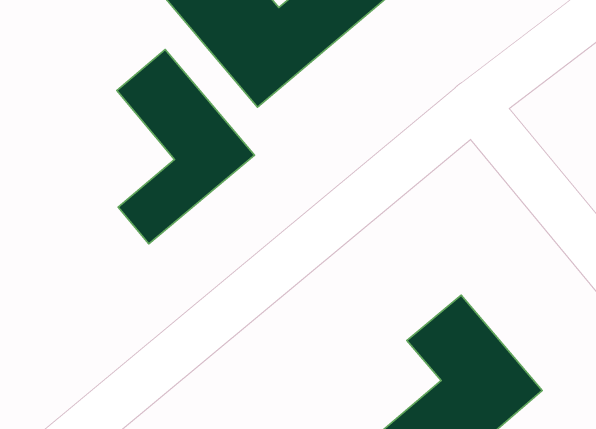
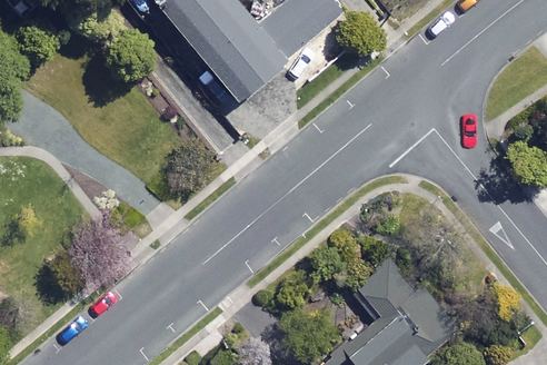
building: [117,49,254,244] -> none

